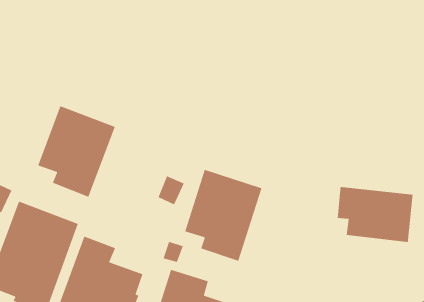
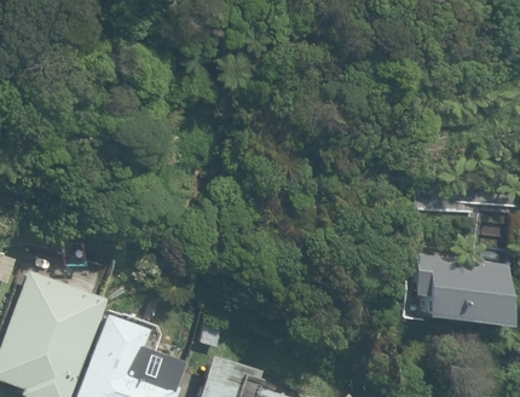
building: [37,105,116,198] -> none
building: [184,169,262,262] -> none

